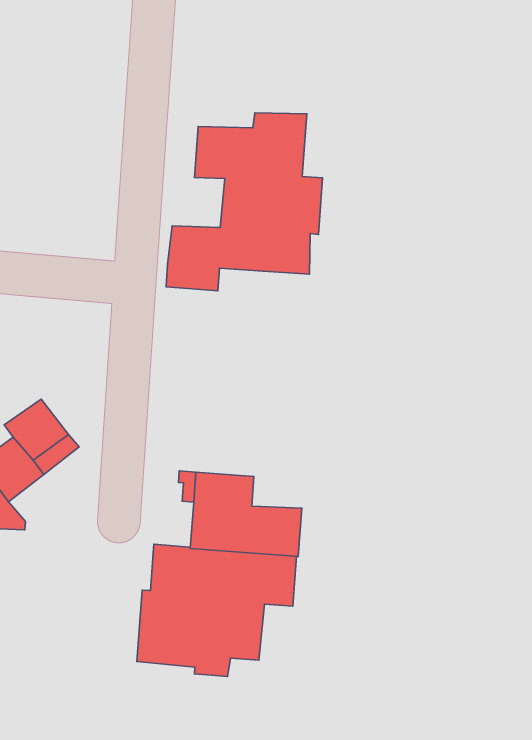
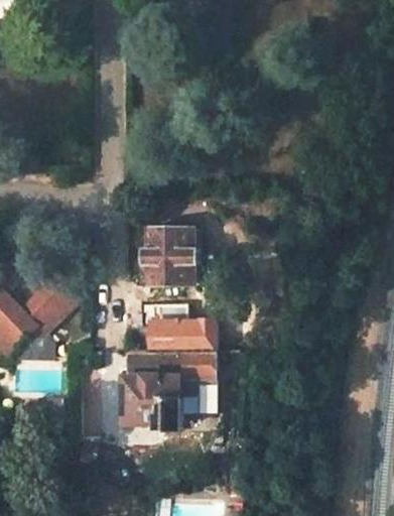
building: [166,113,323,291] -> none
building: none -> [143,230,198,287]

